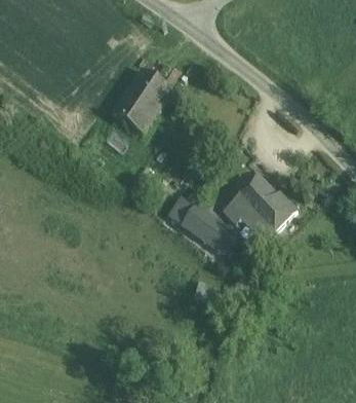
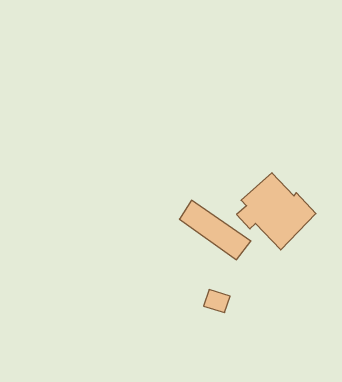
building: [112,67,173,133] -> none

